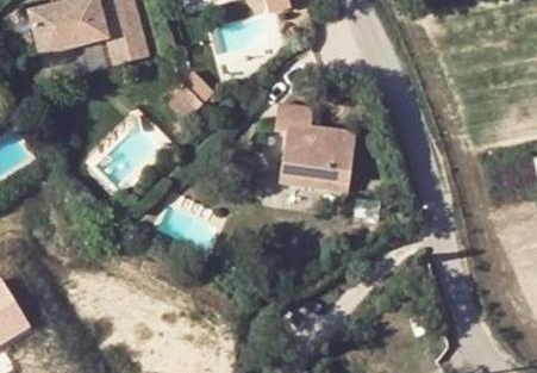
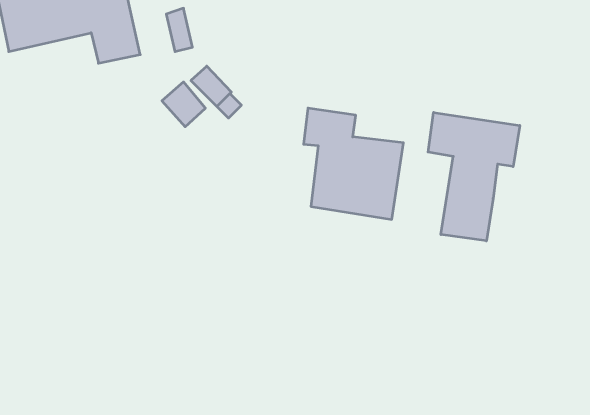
building: none -> [428,112,520,241]

